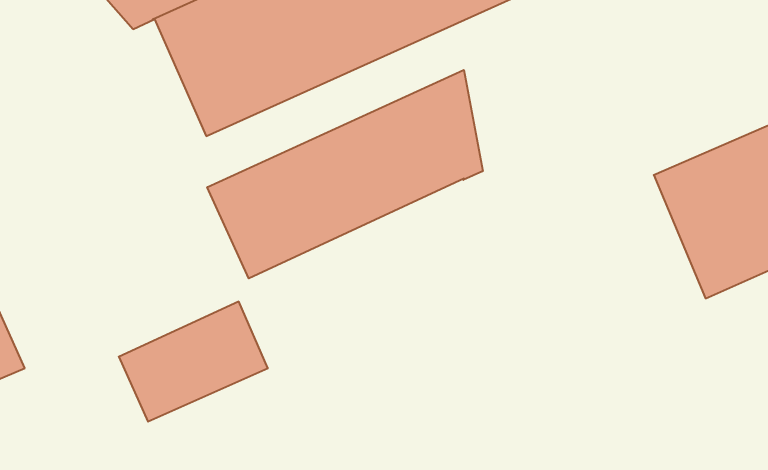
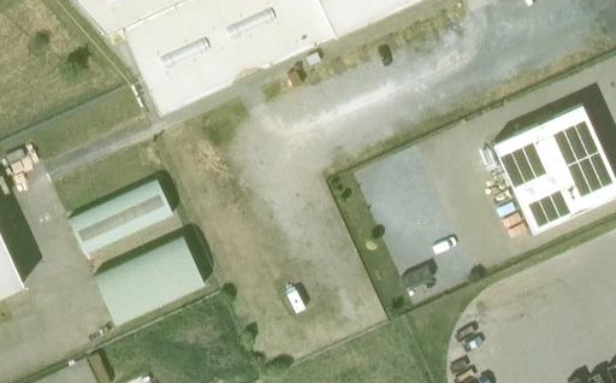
building: [207,70,483,278] -> none
building: none -> [70,181,173,255]

